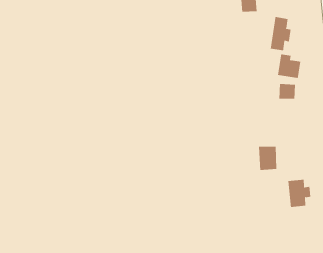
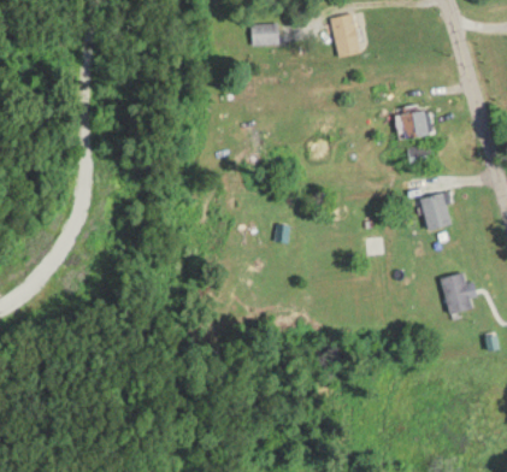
building: [270,16,291,51] -> none
building: [258,146,277,171] -> [420,193,452,230]

